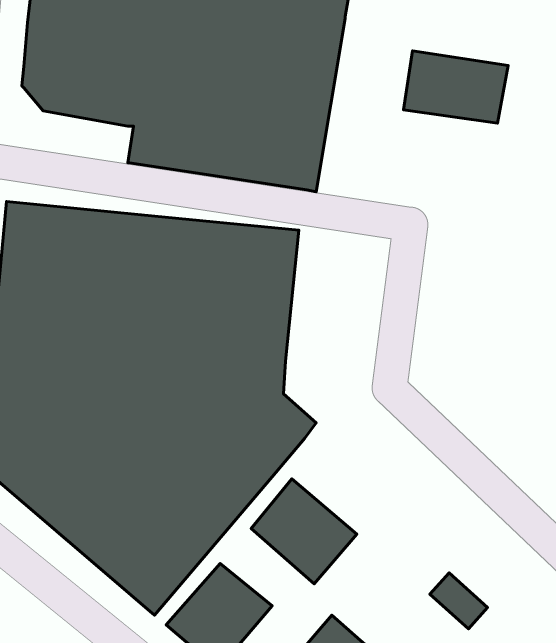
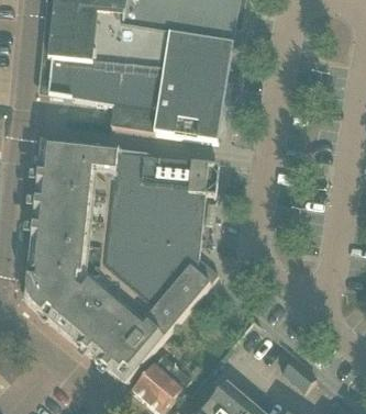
building: [404,51,508,123] -> none
building: [251,479,357,584] -> none

